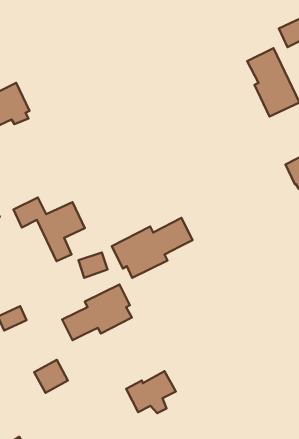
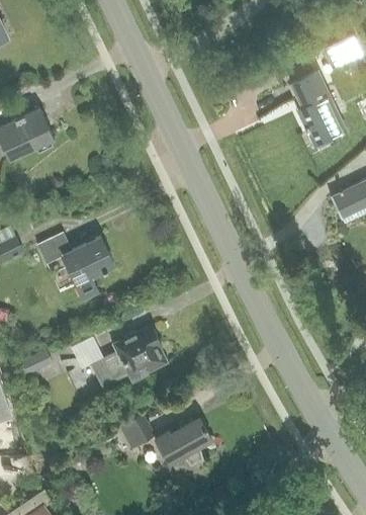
building: [112,218,192,278] -> none
building: [79,253,108,278] -> [70,336,101,363]
building: [34,360,68,393] -> [118,414,155,449]

